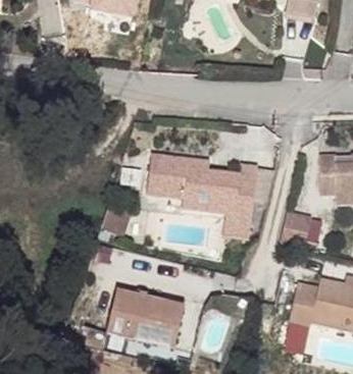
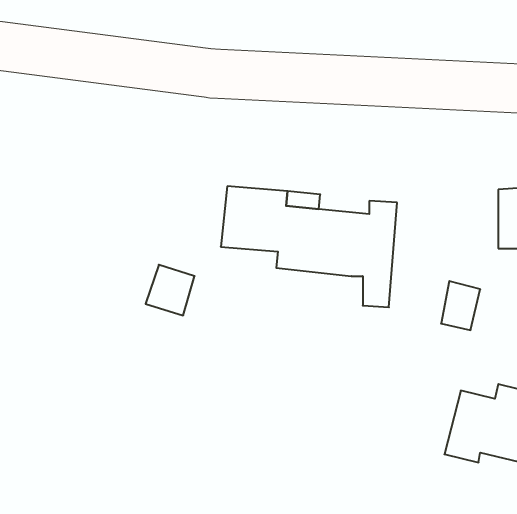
building: [106,288,185,348] -> none

